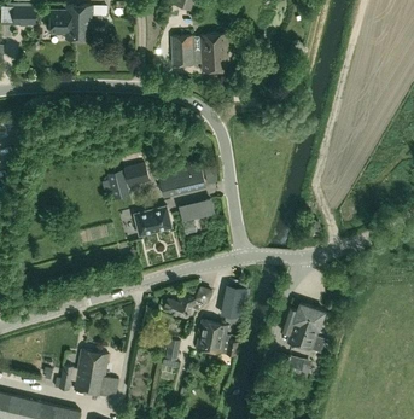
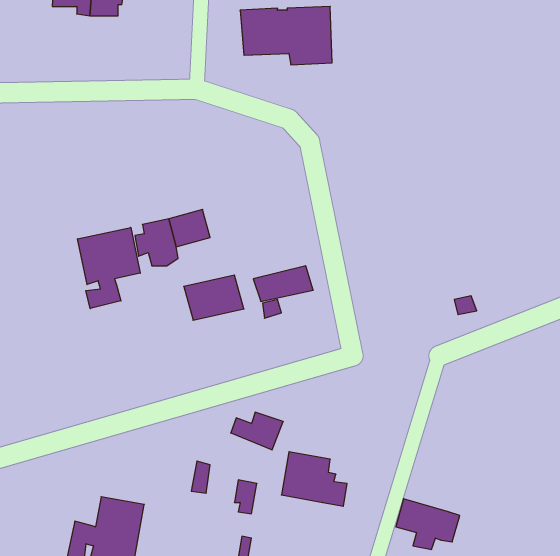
building: [158,165,206,200] -> none
building: none -> [78,227,140,309]
building: [220,285,245,320] -> none
building: [281,304,323,354] -> none

